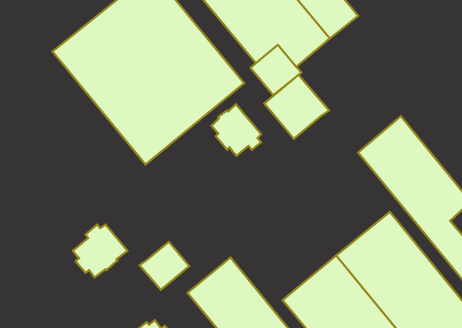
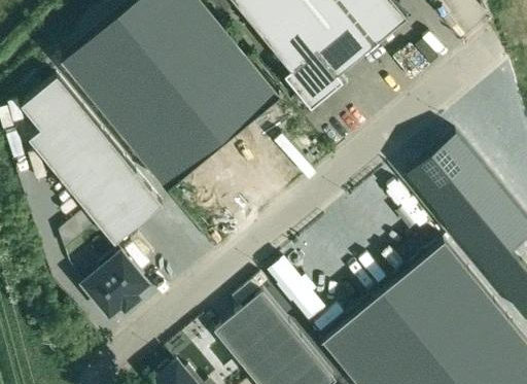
building: none -> [22,77,164,245]
building: [264,75,329,139] -> none
building: [211,104,261,156] -> none
building: [139,242,189,290] -> none

